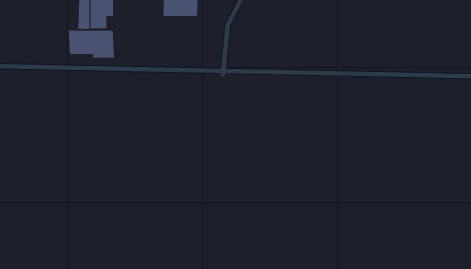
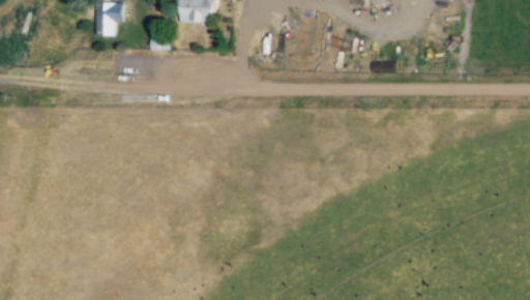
building: [68,30,115,58] -> none

